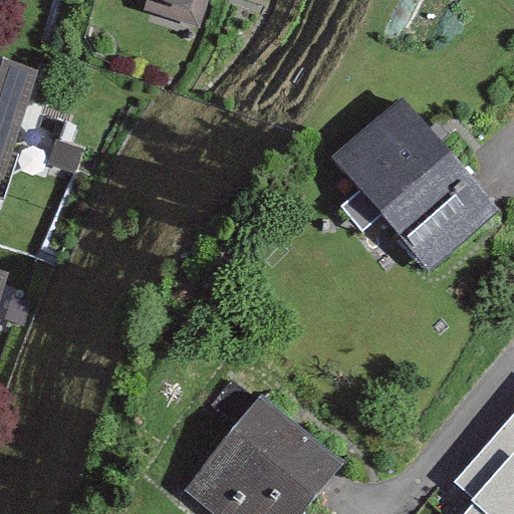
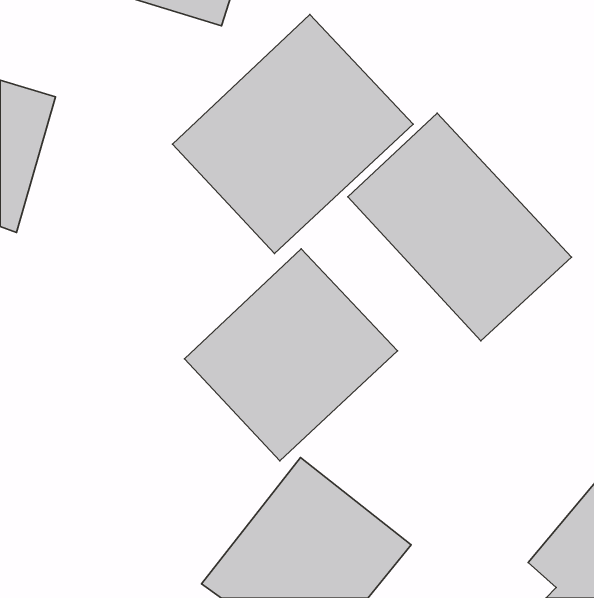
building: none -> [173,15,413,254]
building: none -> [185,249,397,461]

